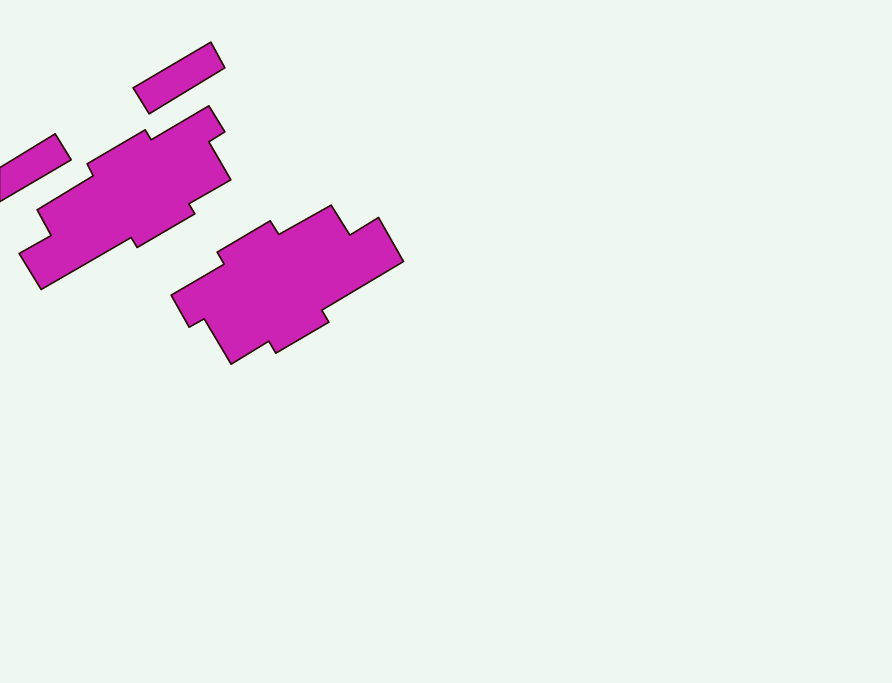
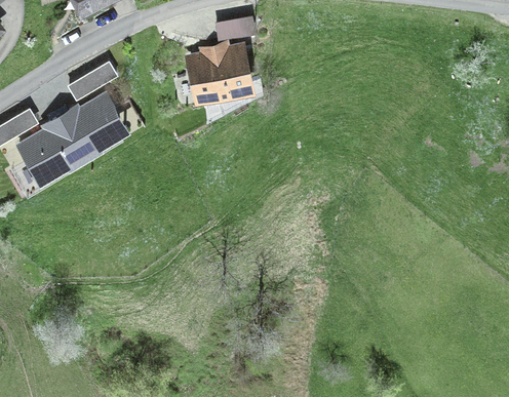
building: none -> [192,44,251,97]
building: [171,205,403,364] -> none

